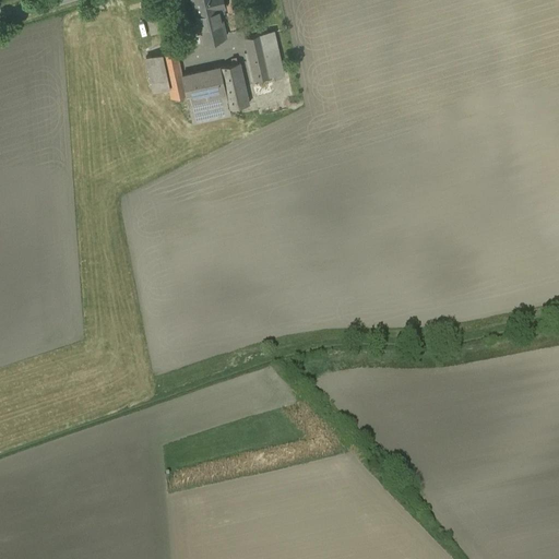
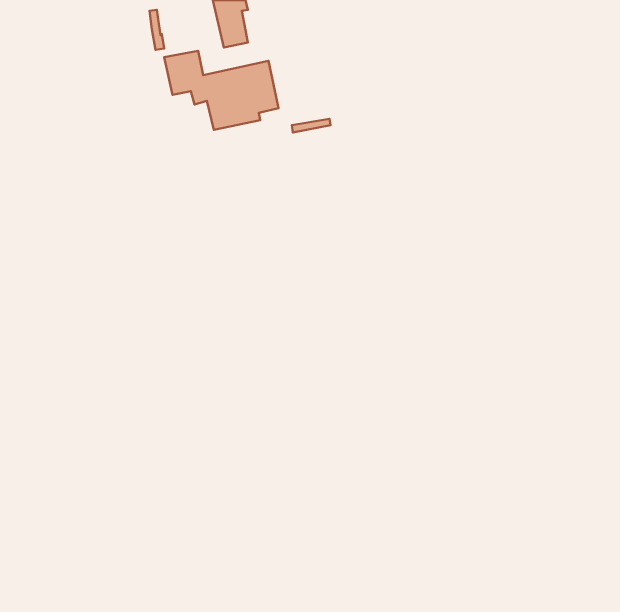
building: [243,31,286,80] -> none

